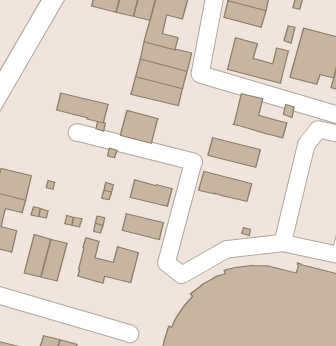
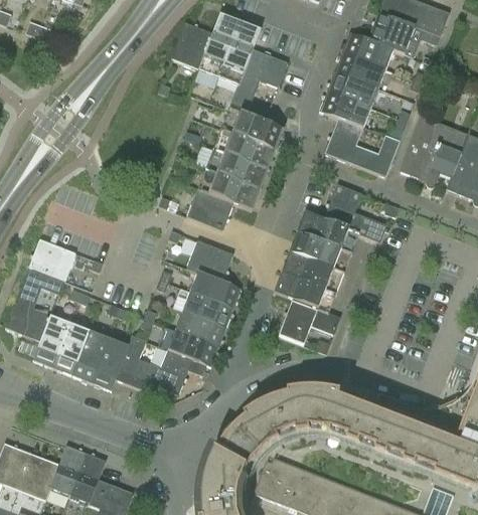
building: none -> [319,91,370,127]
building: [56,93,108,123] -> [198,169,261,210]
building: none -> [297,211,359,253]
building: none -> [186,240,233,282]
building: none -> [282,252,344,293]
building: none -> [279,299,340,345]
building: none -> [183,292,233,327]
building: none -> [168,330,219,367]
building: none -> [33,316,70,367]
building: none -> [92,338,128,389]

